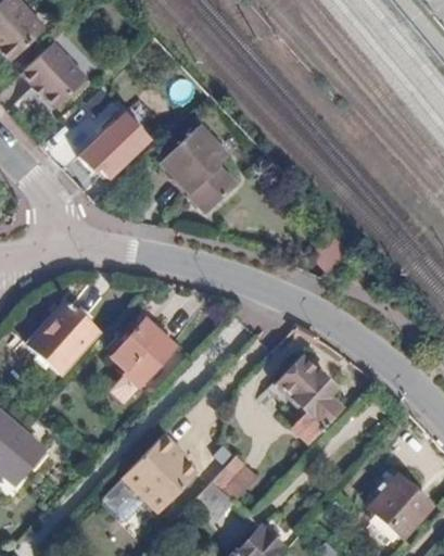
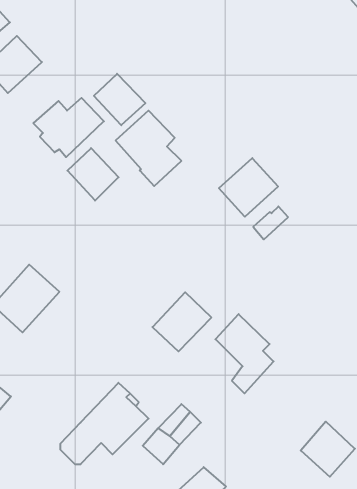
building: none -> [94,74,145,125]
building: none -> [67,148,119,201]
building: none -> [219,158,278,217]
building: [113,317,179,383] -> [152,292,211,351]

